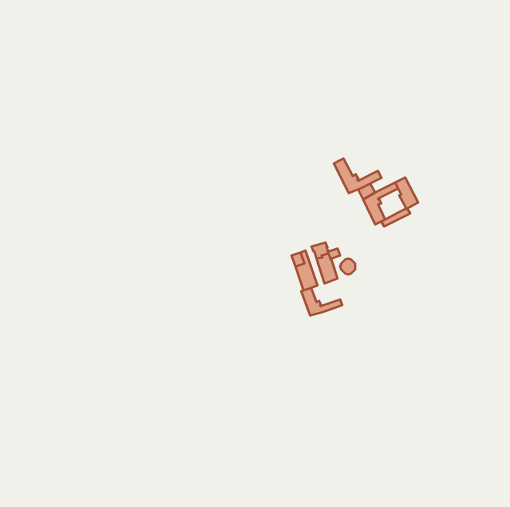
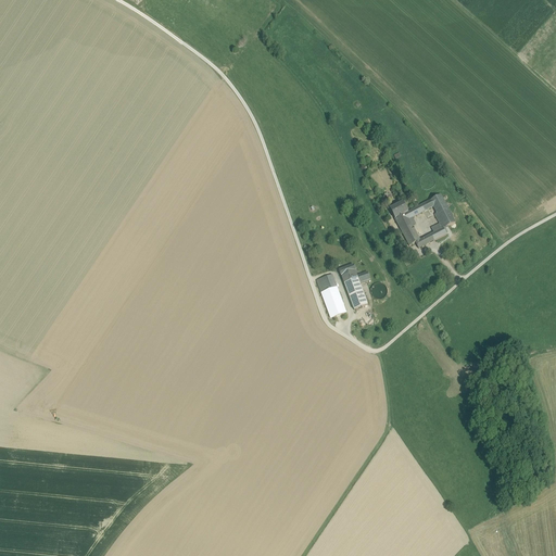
building: [334,158,382,193] -> none
building: [301,288,342,315] -> none

